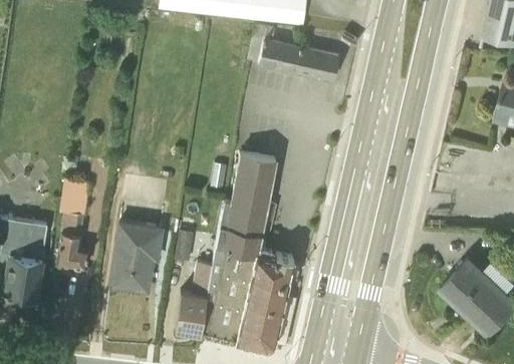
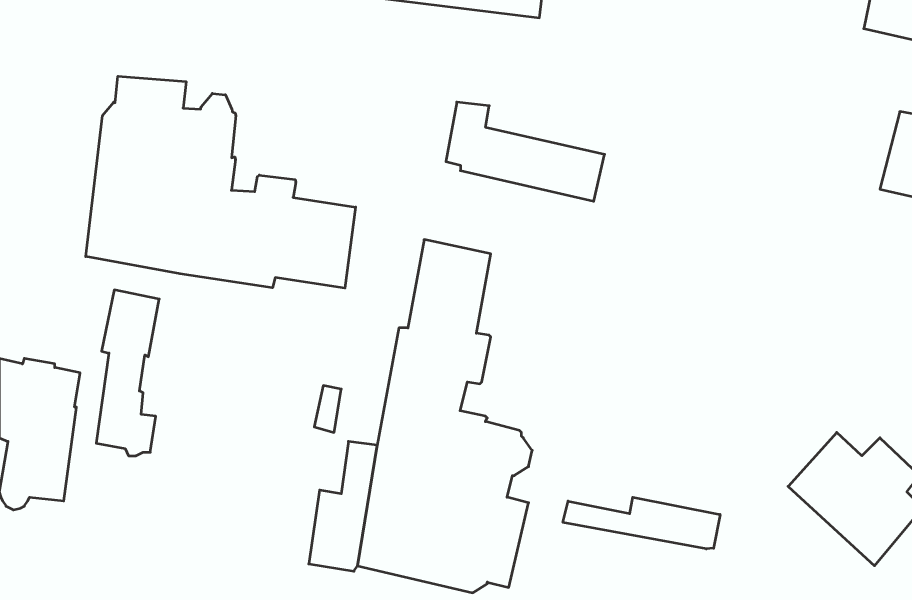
building: [251,26,339,81] -> [446,102,605,201]
building: none -> [86,76,356,288]
building: [109,221,165,293] -> none
building: none -> [563,497,720,549]

